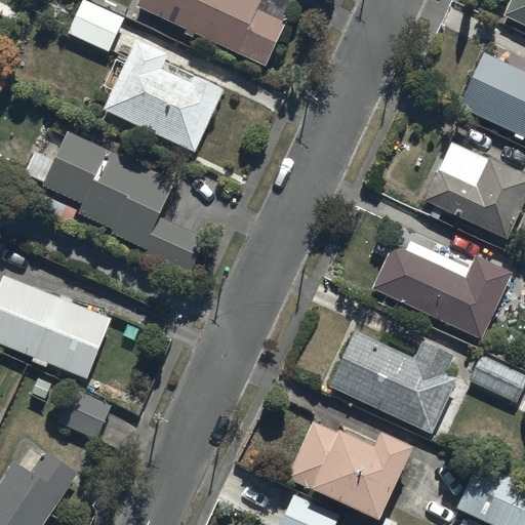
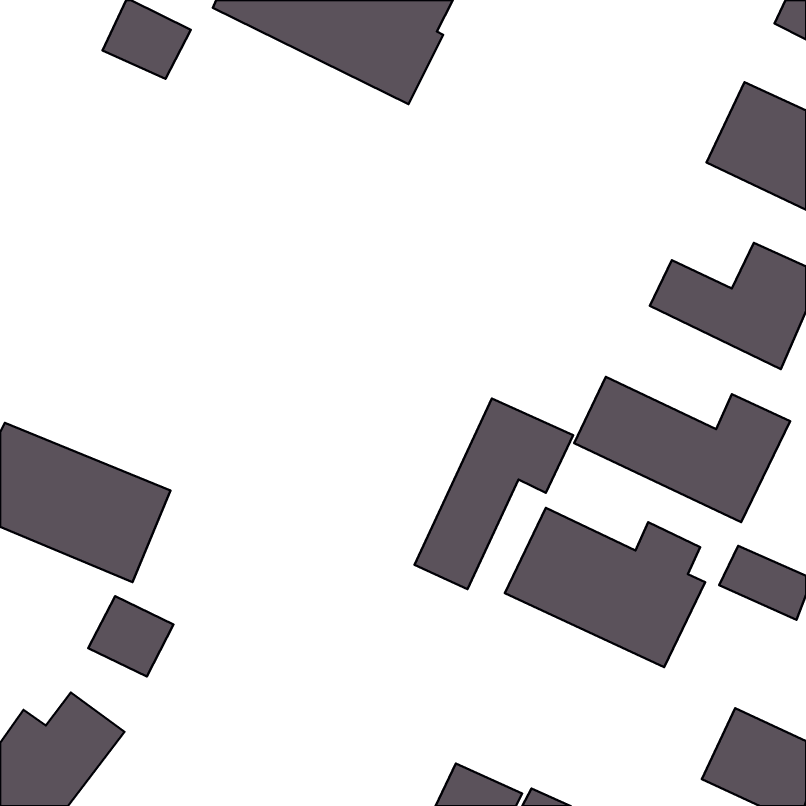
building: [104,39,225,152] -> none
building: [26,131,207,277] -> none
building: none -> [414,399,573,589]
building: [287,418,413,520] -> none

